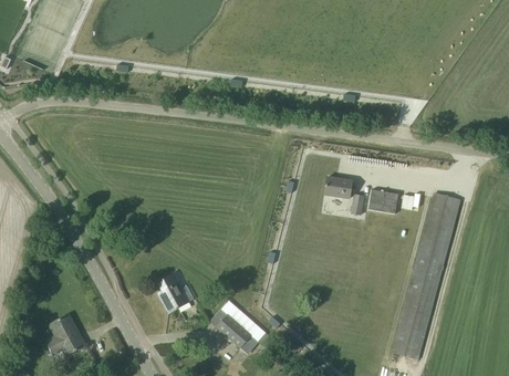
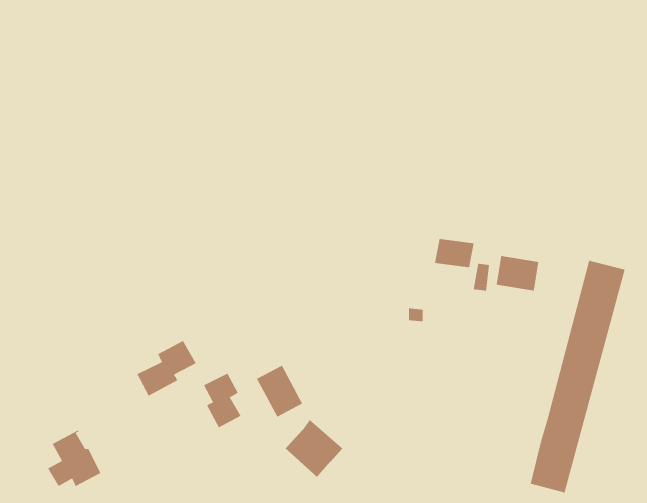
building: none -> [137,340,197,396]
building: none -> [256,365,303,418]

